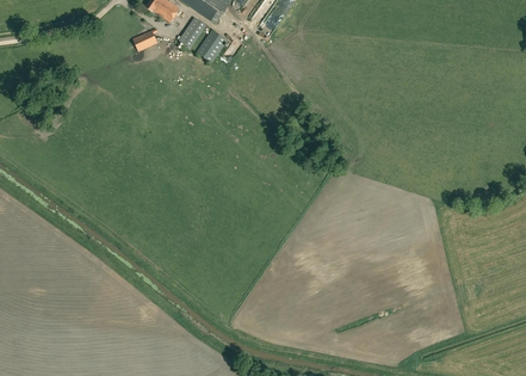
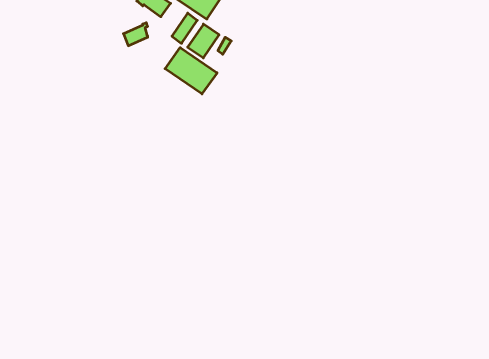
building: none -> [165,48,217,94]

